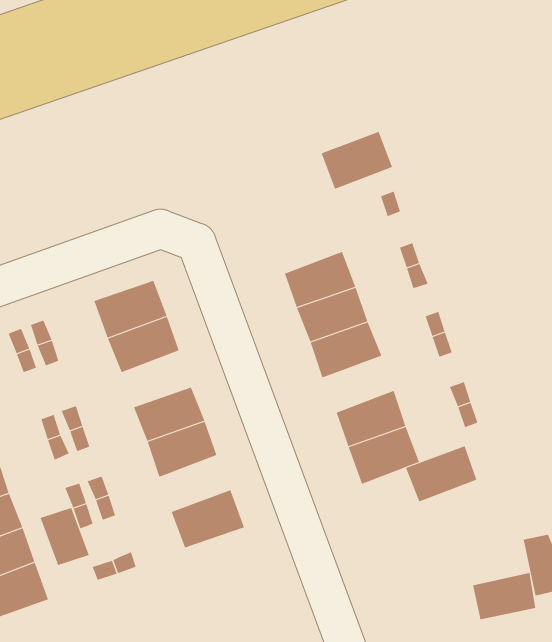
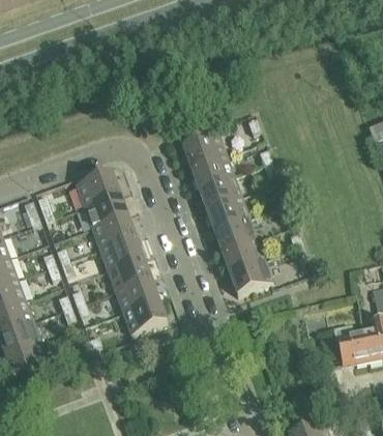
building: [321,131,393,189] -> [182,133,226,168]
building: none -> [92,214,135,249]
building: [405,446,477,502] -> [213,217,257,252]
building: none -> [115,278,158,312]
building: [40,507,90,566] -> none
building: [473,572,536,620] -> none

